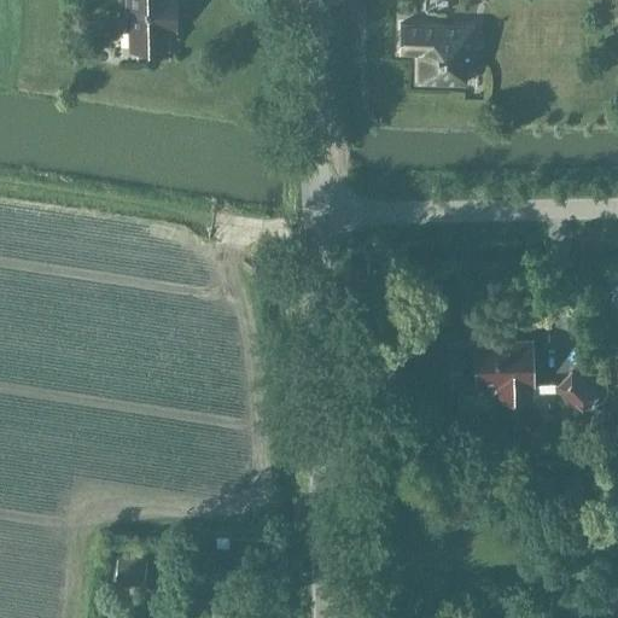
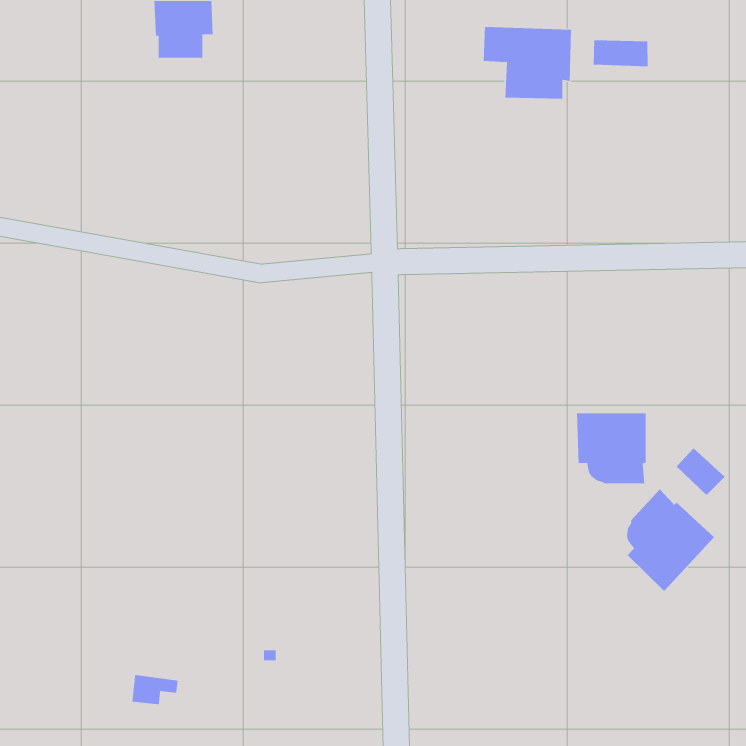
building: none -> [593,40,649,67]
building: none -> [626,489,715,592]

